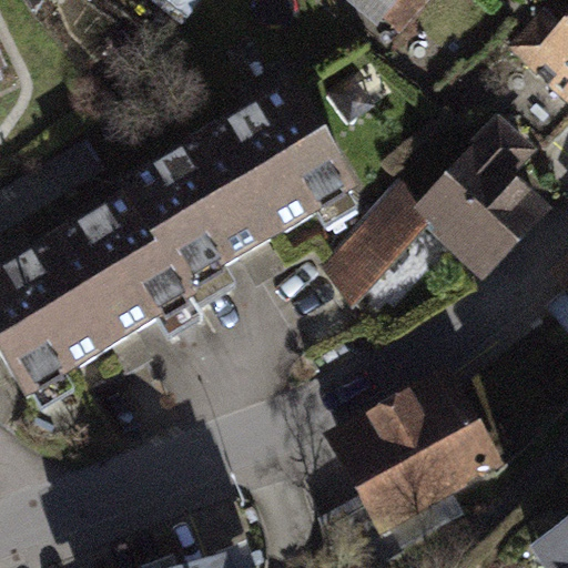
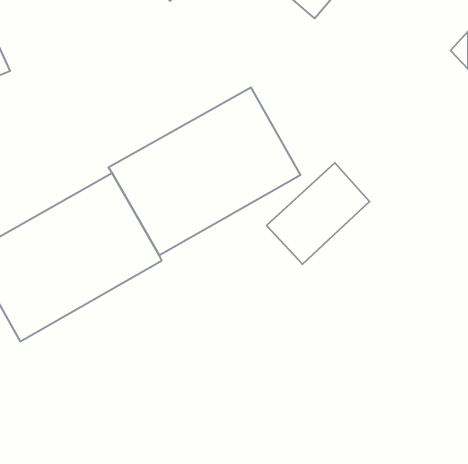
building: [415,136,560,283] -> none
building: [331,364,506,529] -> none

